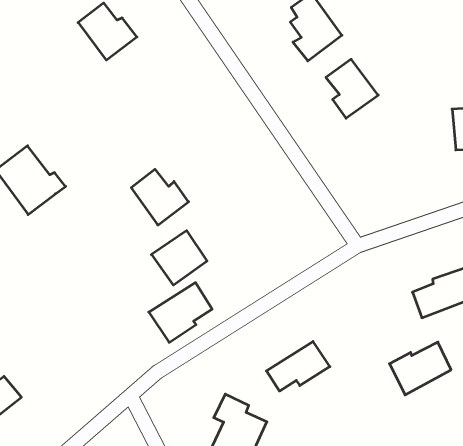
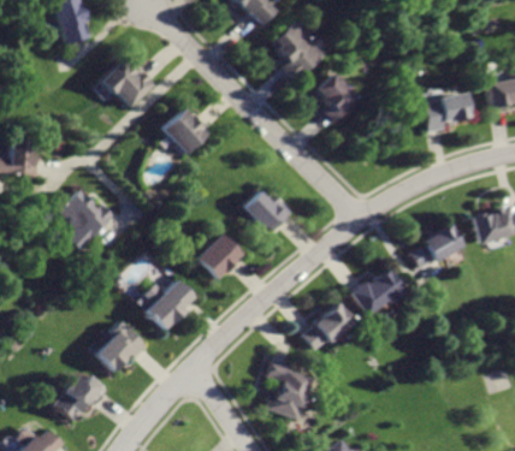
building: none -> [164,107,209,153]
building: [131,169,189,225] -> [244,190,292,235]
building: [149,283,212,342] -> [146,278,196,330]
building: none -> [95,324,149,373]
building: [389,342,451,395] -> [351,269,402,316]

